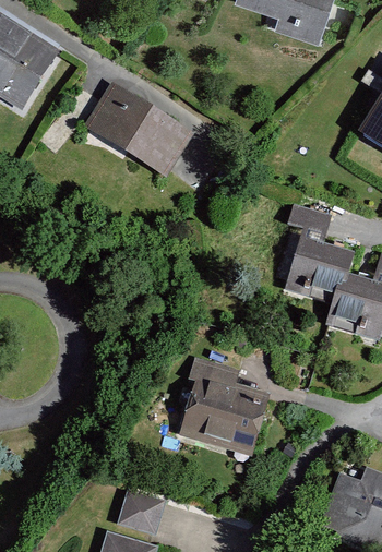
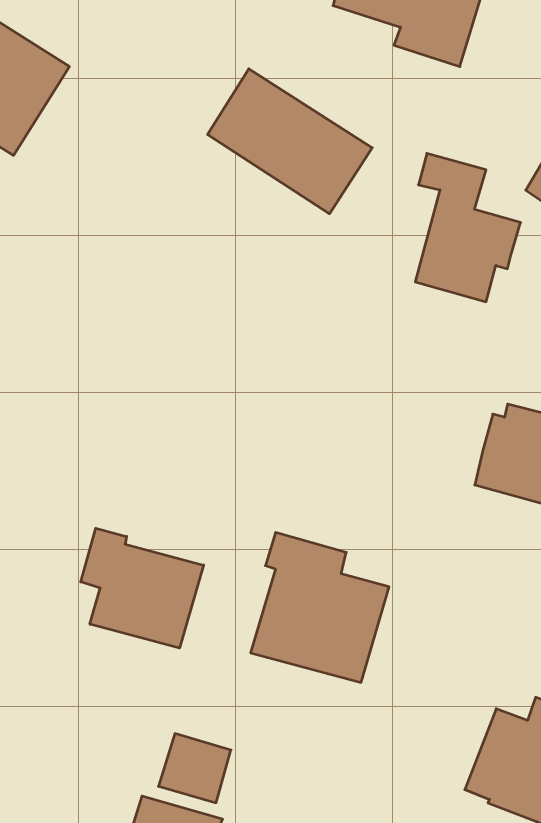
building: [82,79,191,175] -> [208,69,372,214]
building: [285,204,355,302] -> [415,153,521,302]
building: none -> [81,528,204,648]

